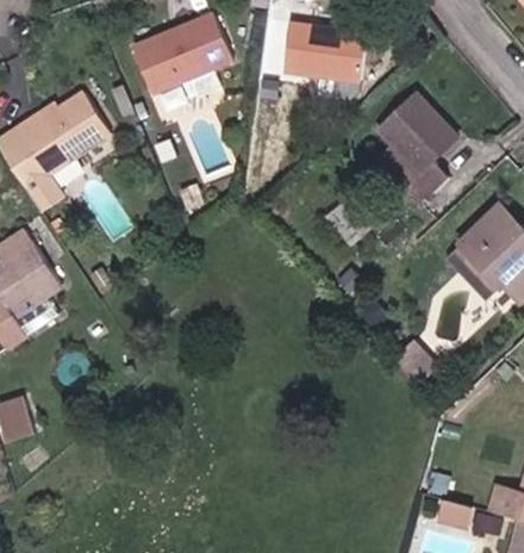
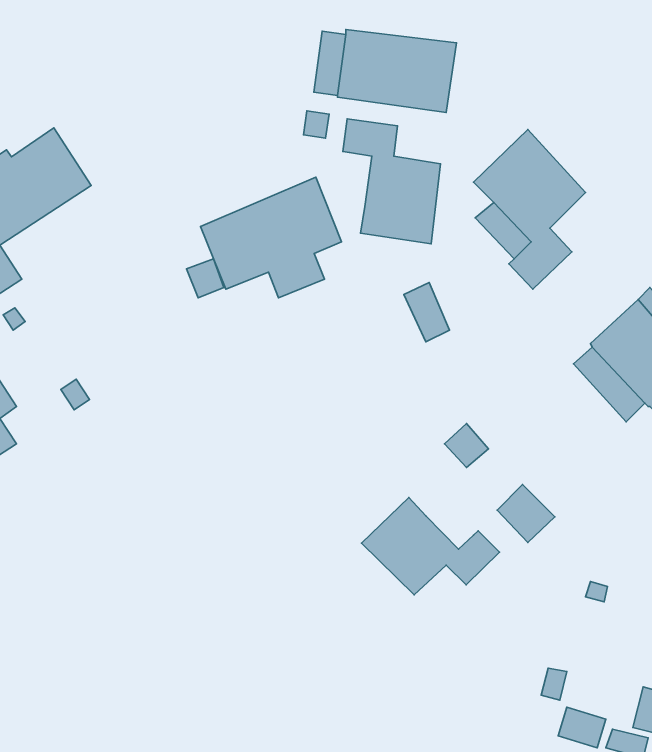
building: [133,12,232,97] -> [201,177,341,298]
building: none -> [343,119,441,244]
building: none -> [361,498,500,595]

